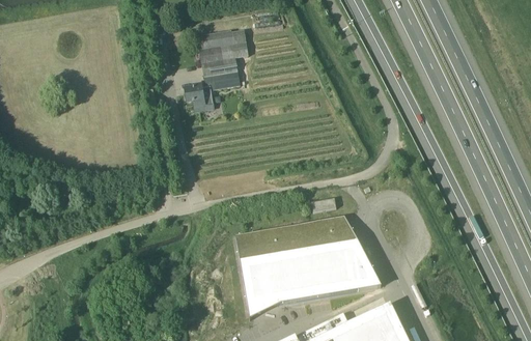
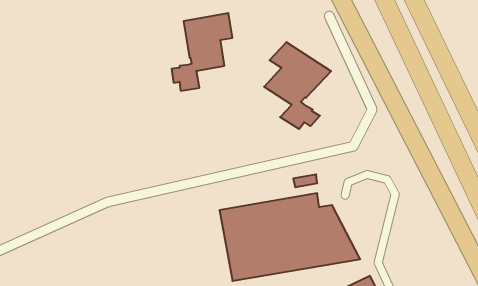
building: none -> [264,42,331,129]

